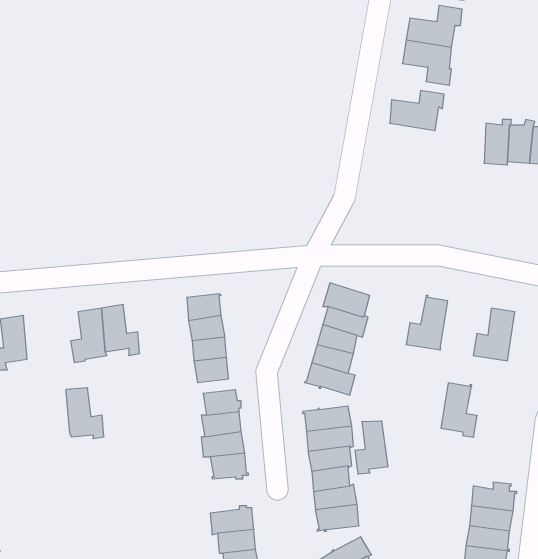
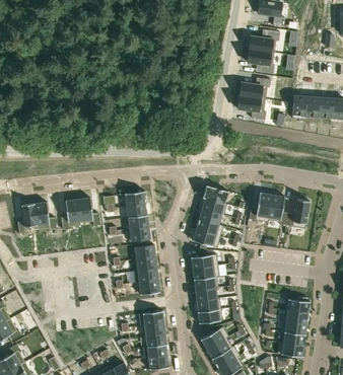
building: none -> [237,95,266,120]
building: [441,383,477,437] -> [268,195,288,225]
building: [66,388,104,439] -> [35,202,56,230]
building: [355,421,388,474] -> none

